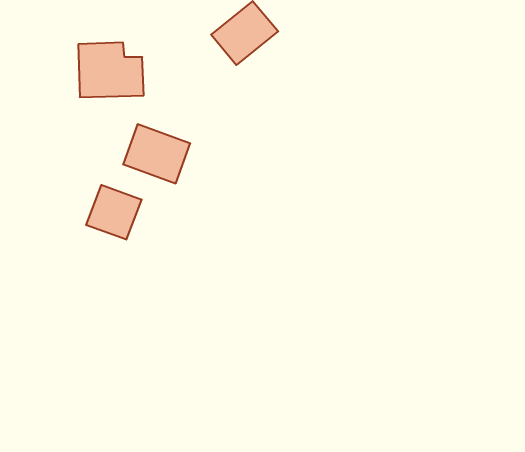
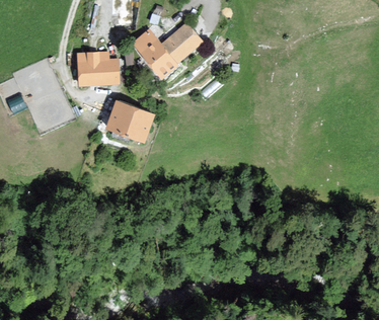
building: none -> [133,29,177,78]
building: [86,185,142,240] -> none

